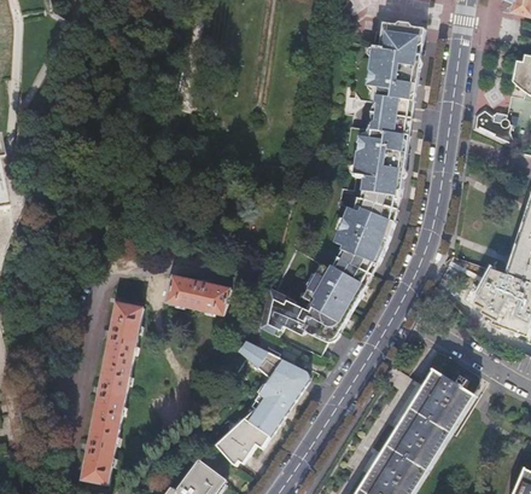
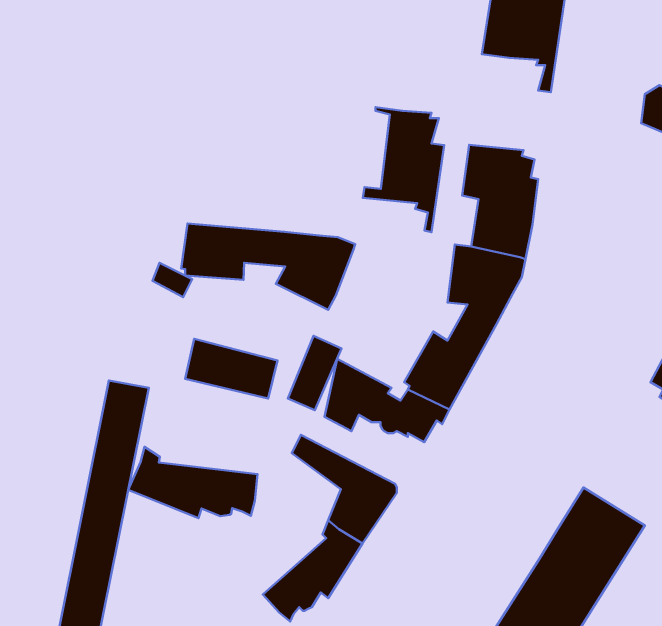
building: [356,82,410,165] -> [363,107,444,232]
building: none -> [181,224,355,310]
building: none -> [288,336,342,410]
building: none -> [128,447,258,518]

